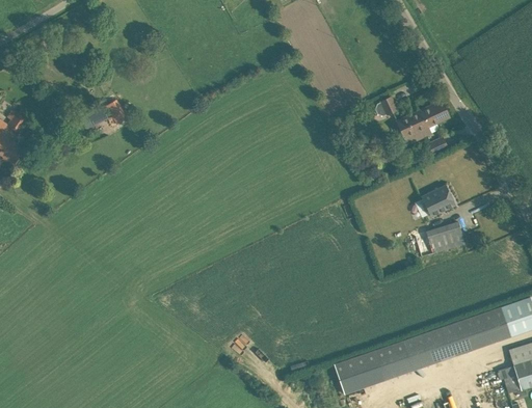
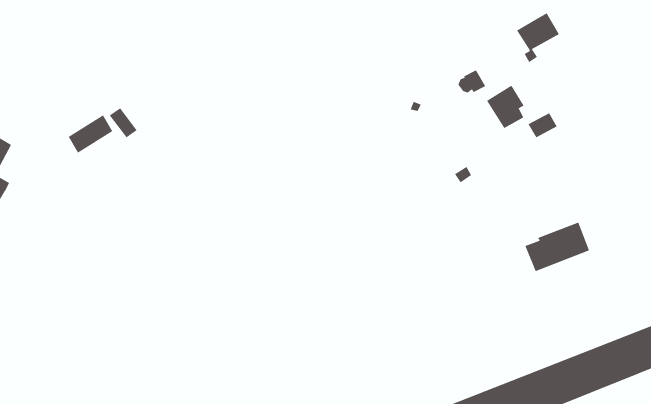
building: [418,101,451,138] -> [516,13,560,63]
building: [422,186,456,217] -> none

